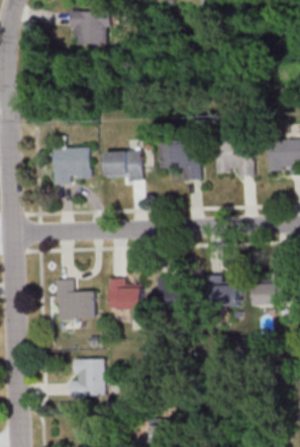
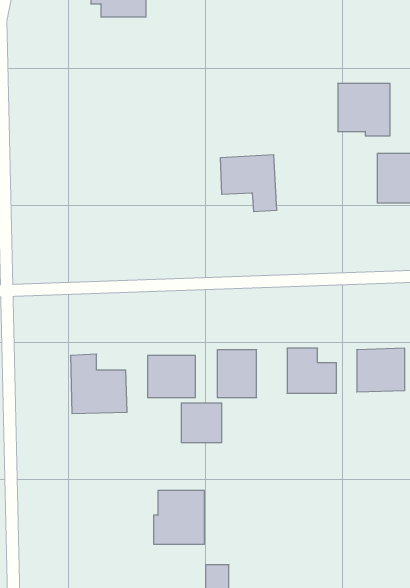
building: [215,141,252,178] -> [338,83,390,136]
building: [52,147,90,185] -> none
building: [103,150,140,182] -> none
building: none -> [181,403,222,443]
building: [69,360,104,398] -> [154,491,204,544]

